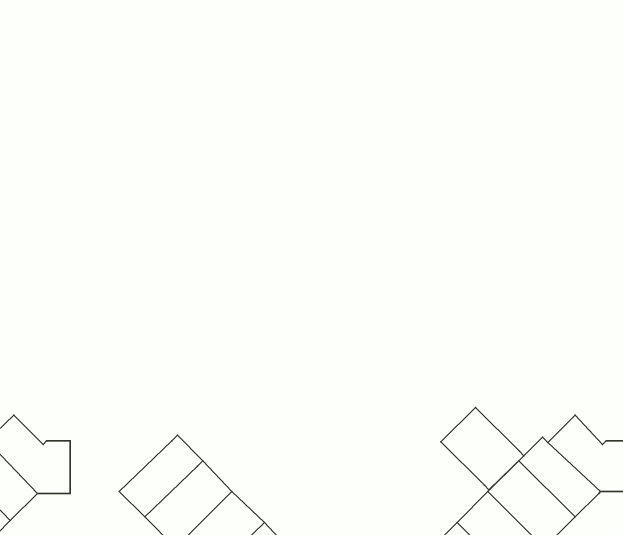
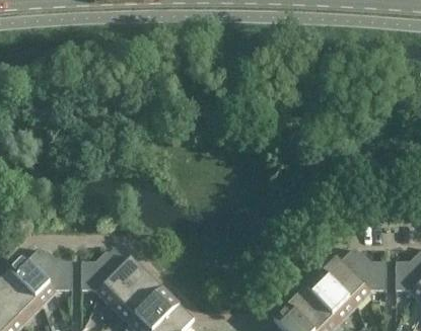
building: [441,408,524,490] -> none
building: none -> [81,247,128,289]

